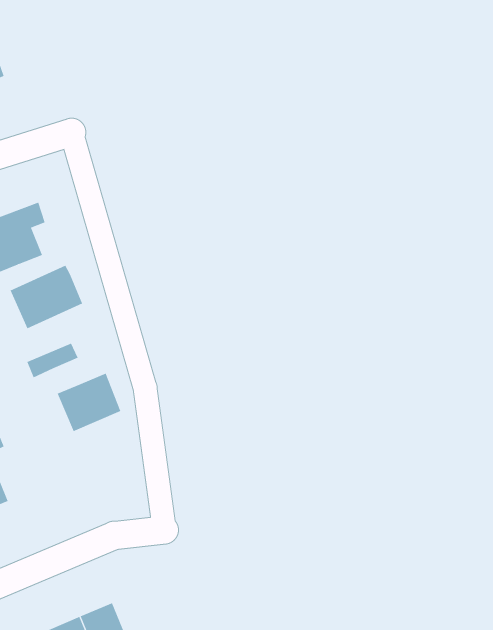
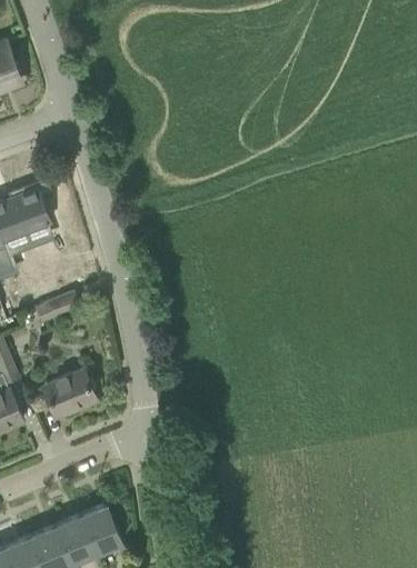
building: [10,265,83,329] -> none
building: [57,373,121,432] -> [42,370,95,418]

